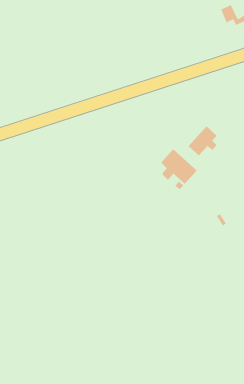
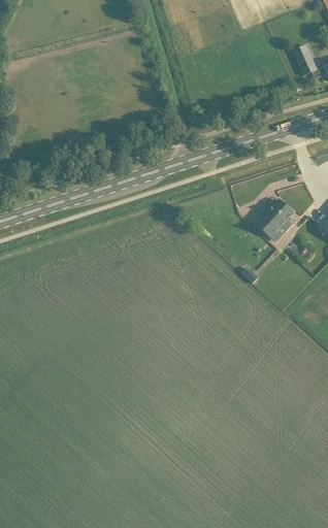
building: [160,148,198,185] -> none

